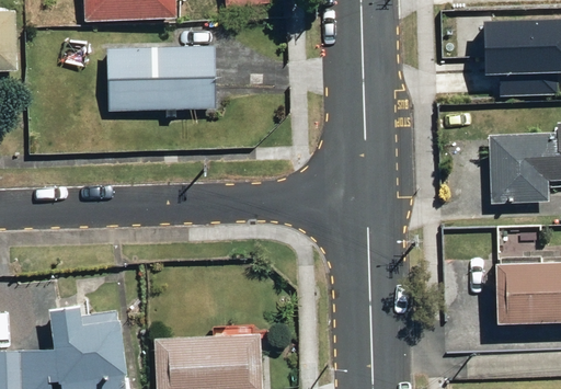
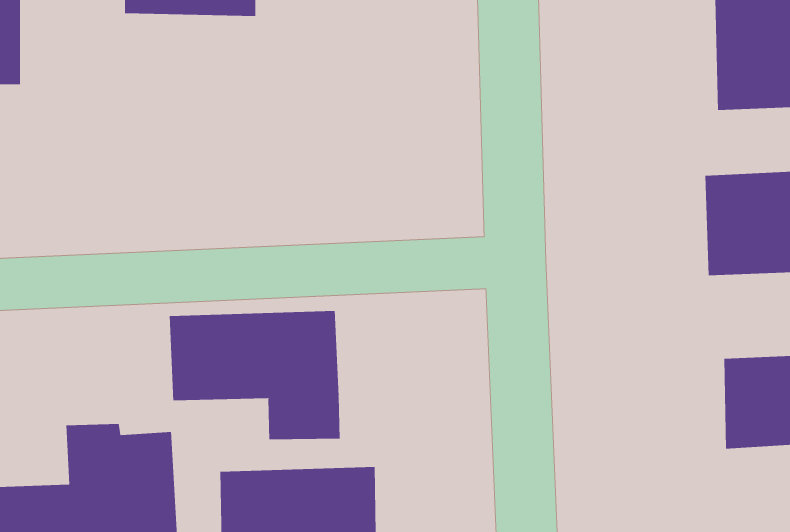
building: [107,45,218,118] -> none
building: none -> [169,310,340,440]

